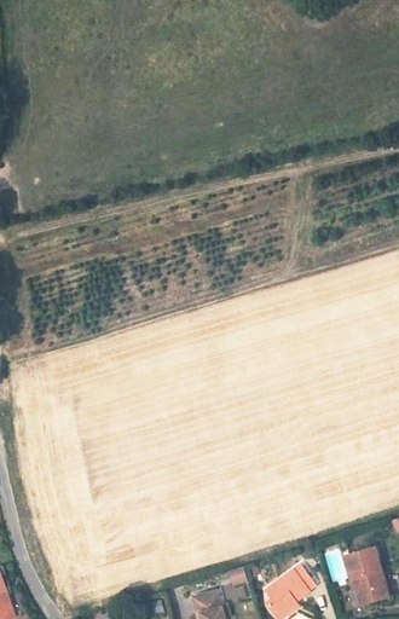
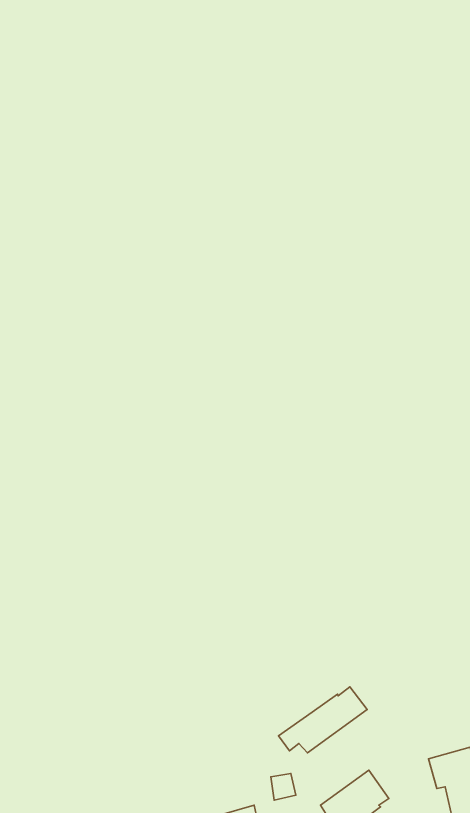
building: none -> [279,687,367,753]

